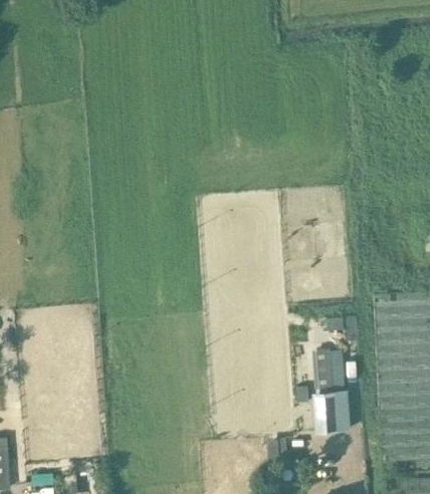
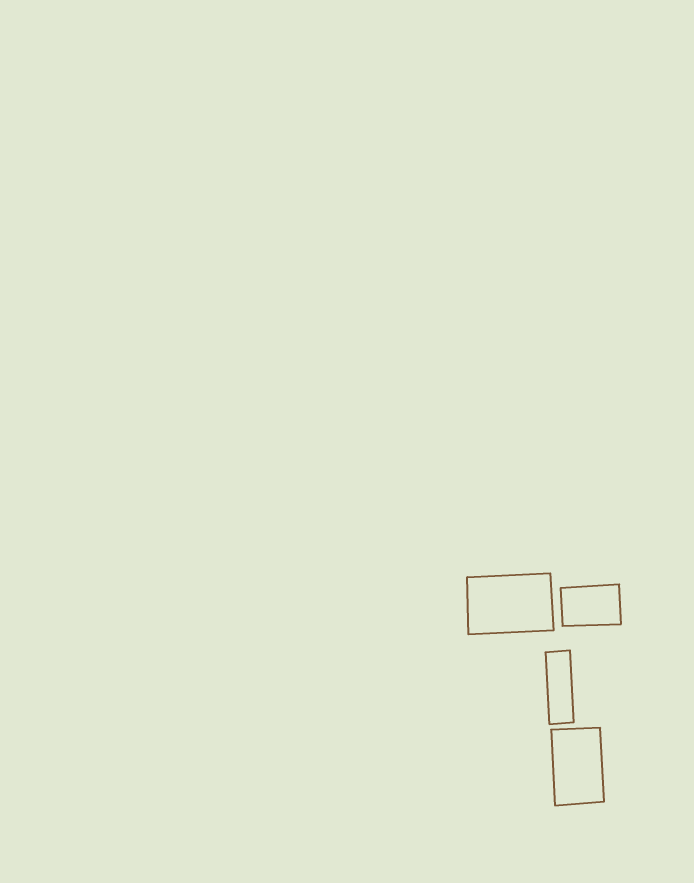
building: none -> [467,573,554,634]

